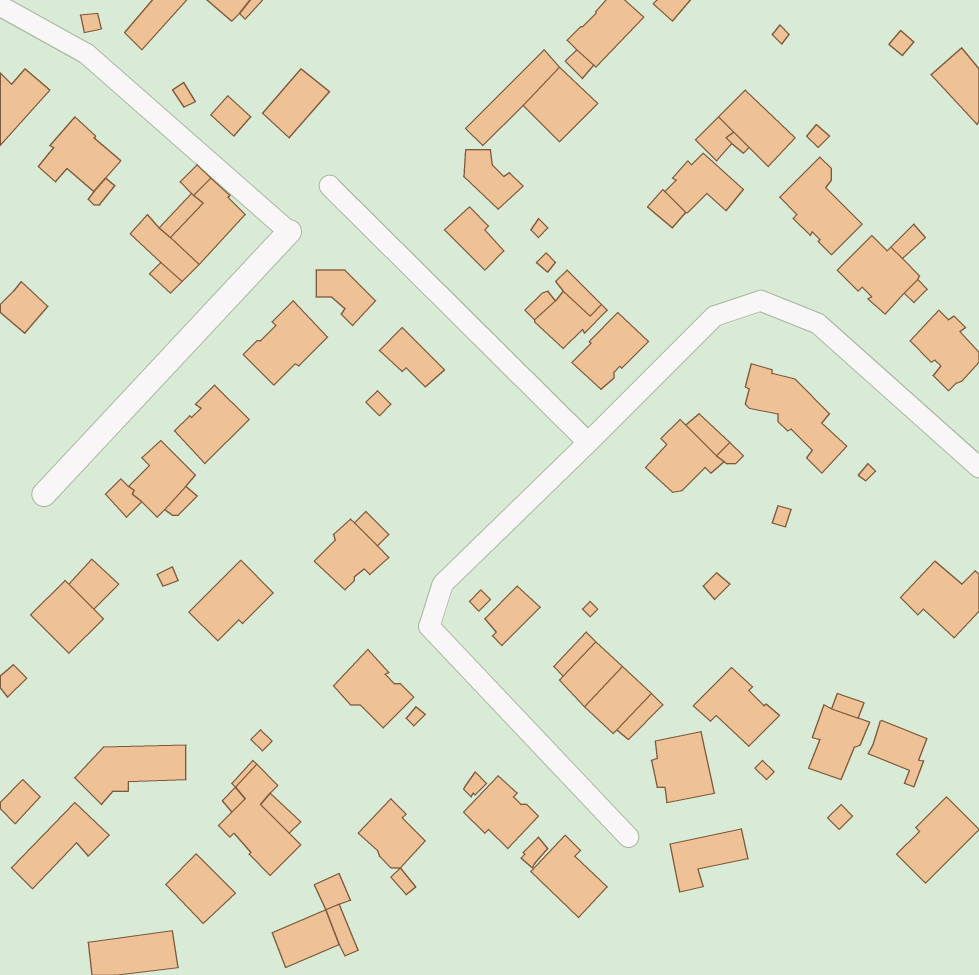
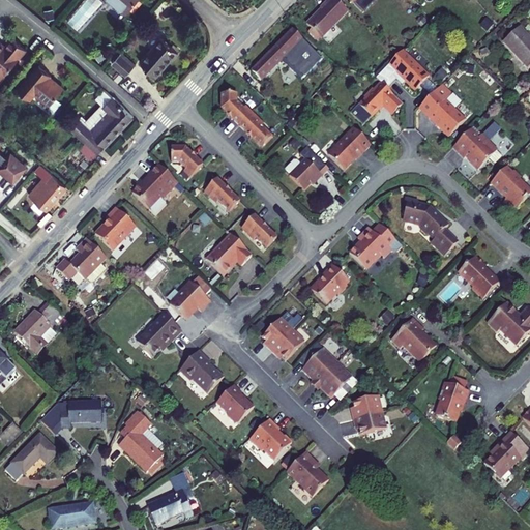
building: [464,150,523,209] -> [222,92,254,124]
building: none -> [29,163,67,208]
building: [572,313,649,389] -> [328,127,370,169]
building: none -> [242,214,276,246]
building: none -> [206,233,253,274]
building: none -> [461,256,500,298]
building: none -> [311,264,349,303]
building: [189,560,273,641] -> [137,313,182,356]
building: none -> [271,328,304,358]
building: [693,668,779,746] -> [390,319,437,361]
building: [868,720,927,787] -> none
building: [358,799,425,868] -> [216,384,253,421]
building: [670,829,748,892] -> none
building: [166,854,235,923] -> none

